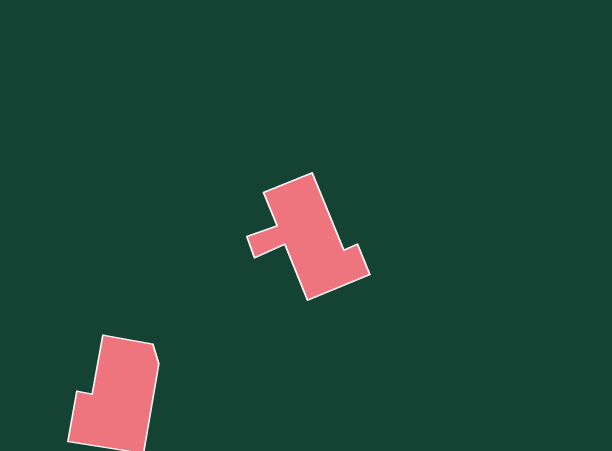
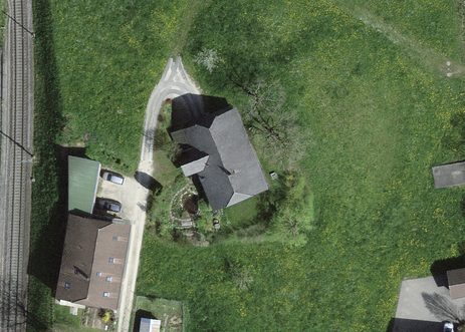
building: none -> [70,160,99,217]

